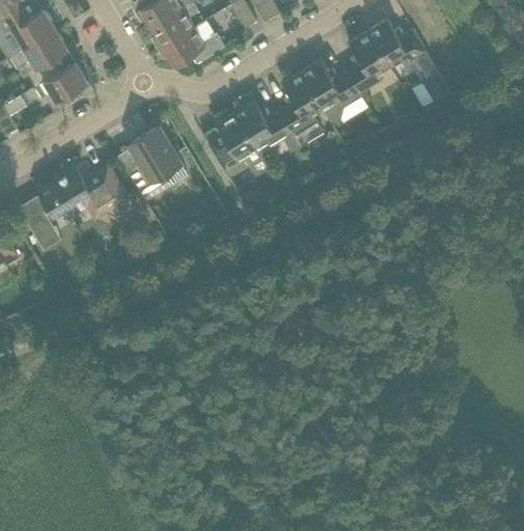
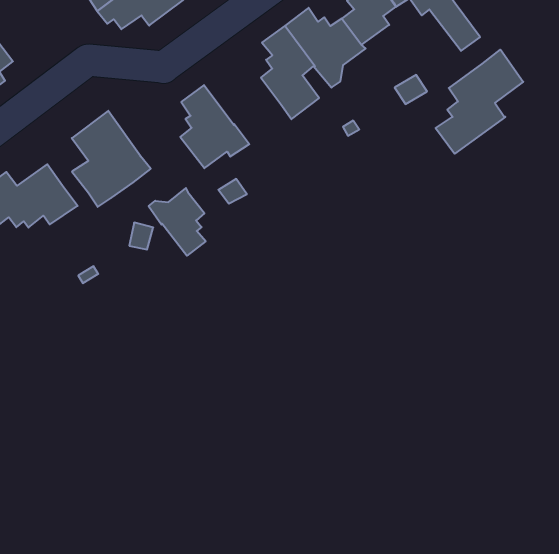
building: [233,100,292,145] -> none
building: none -> [436,50,523,154]
building: none -> [149,188,206,256]

